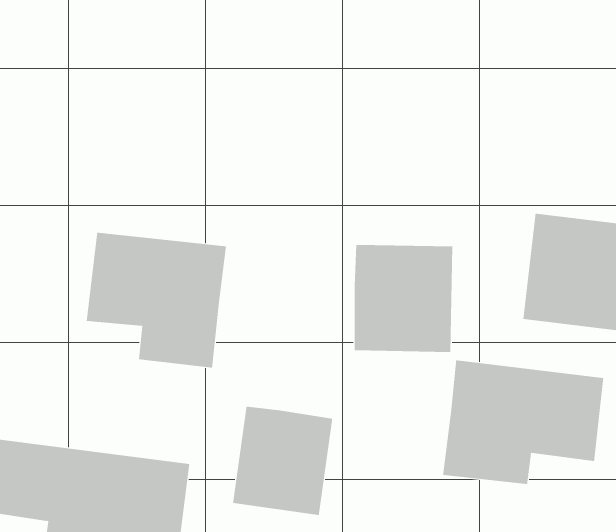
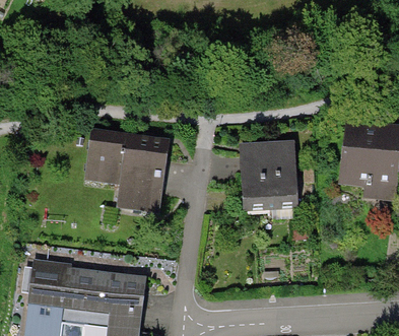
building: [443,359,604,485] -> none
building: [233,406,333,516] -> none

